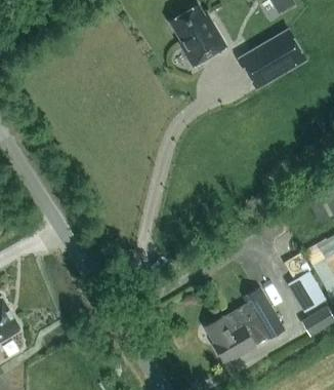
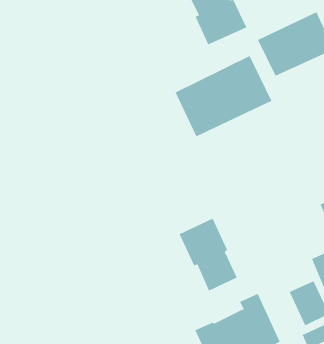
building: none -> [175,55,272,137]
building: none -> [179,218,237,291]

